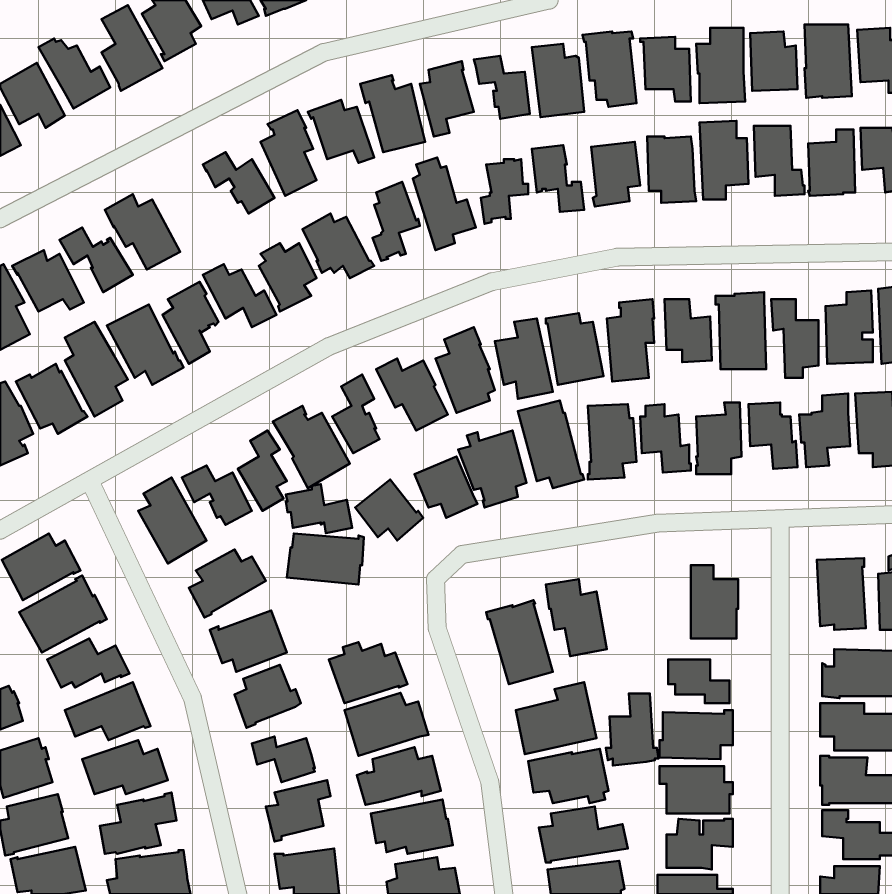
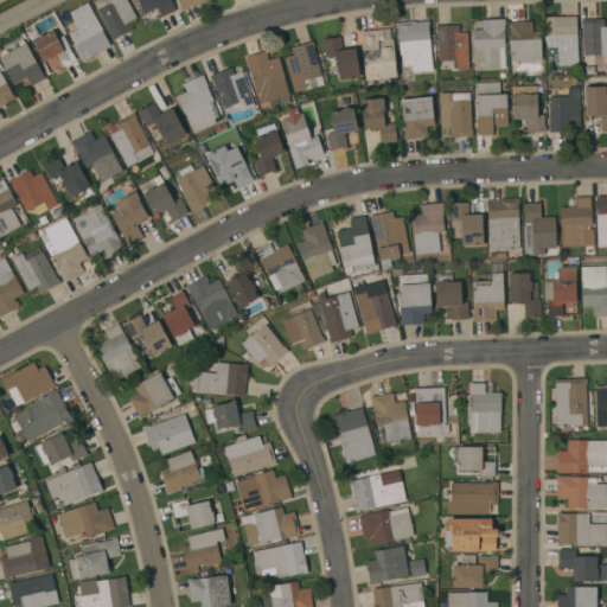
building: none -> [110,113,154,167]
building: [286,484,352,533] -> [212,400,257,433]
building: [606,694,658,765] -> [414,388,449,436]

